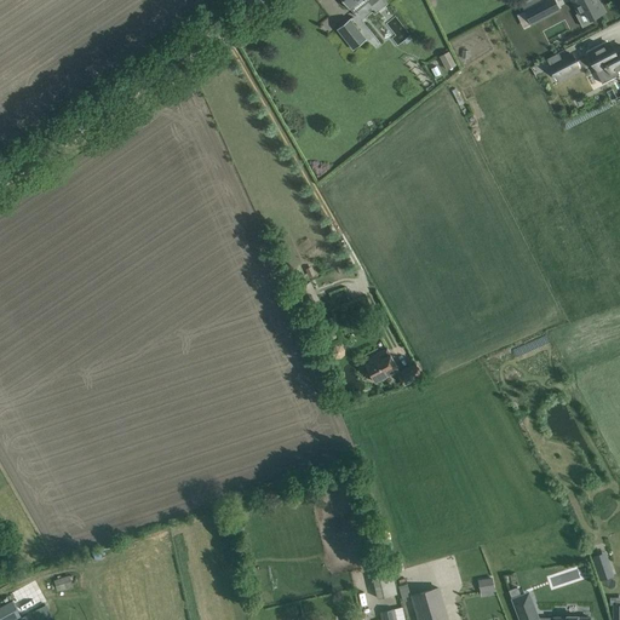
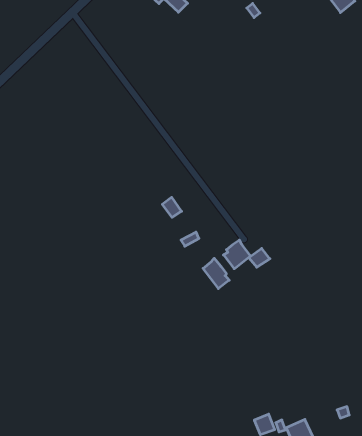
building: none -> [203,258,229,289]

